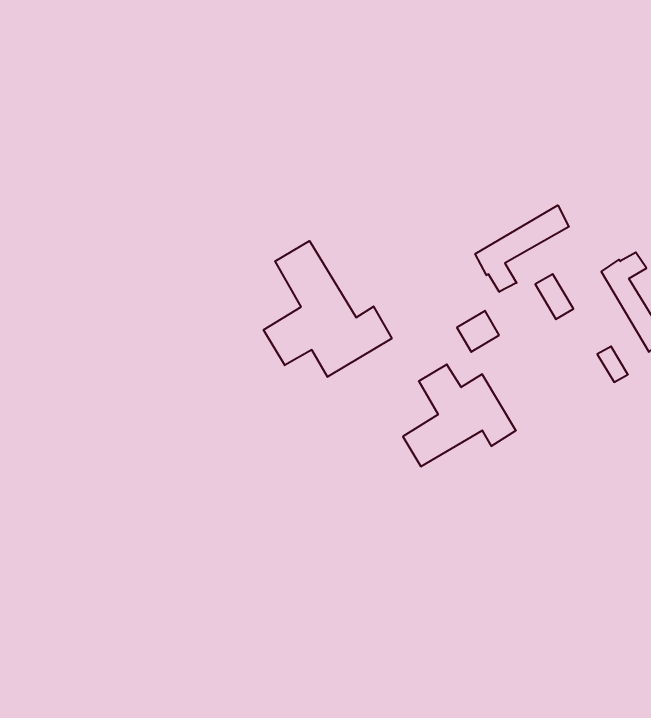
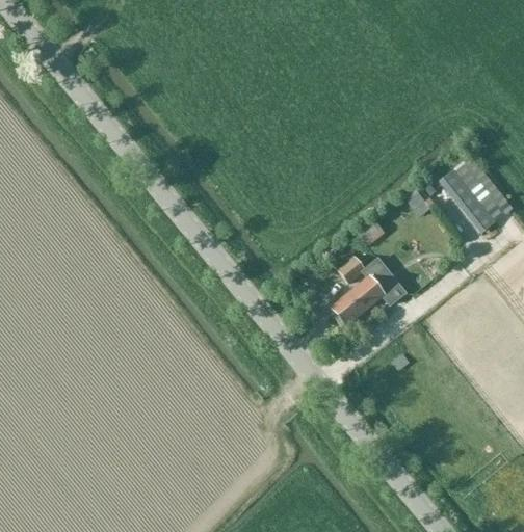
building: [475,205,569,292] -> none
building: [264,241,392,377] -> none

